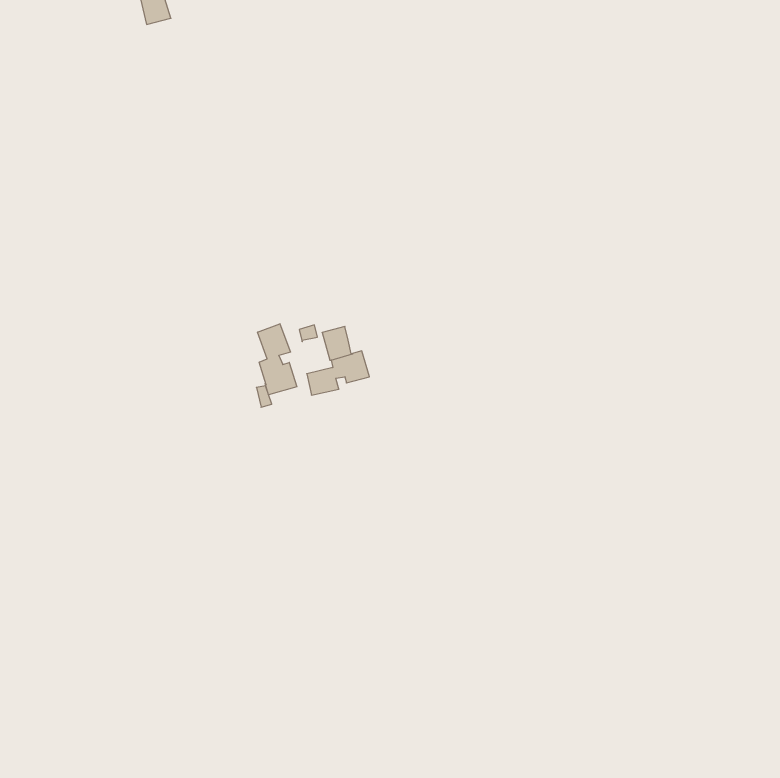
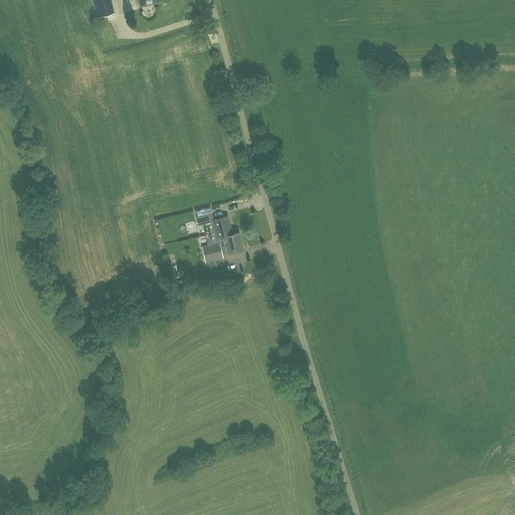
building: [258,324,297,395] -> none

